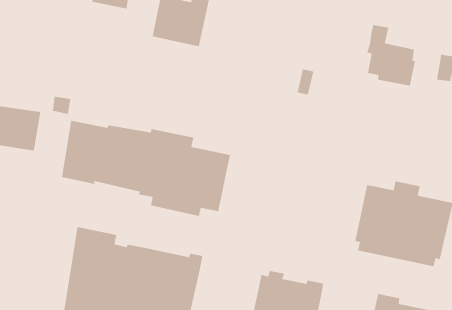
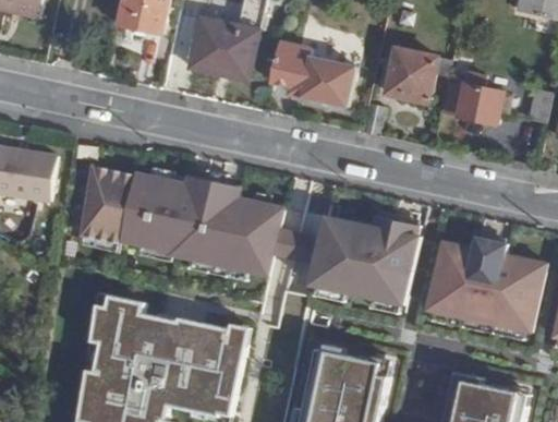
building: none -> [269,36,357,105]
building: none -> [383,49,448,103]
building: none -> [310,215,420,313]

